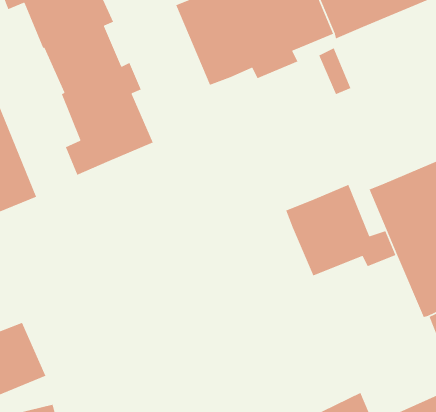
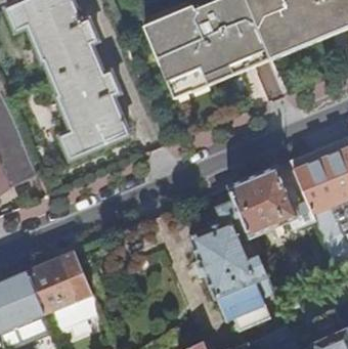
building: none -> [189,199,273,319]
building: none -> [27,251,101,334]

